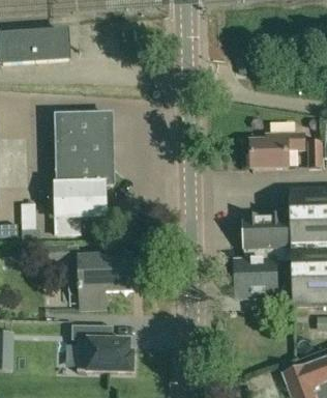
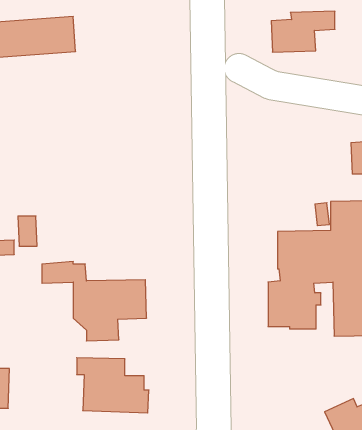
building: [48,114,111,233] -> none
building: [249,132,304,167] -> [271,11,335,52]

